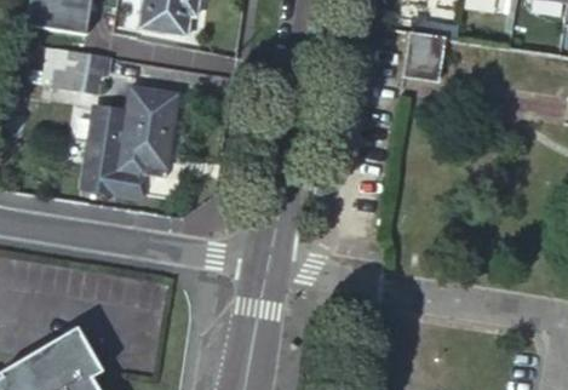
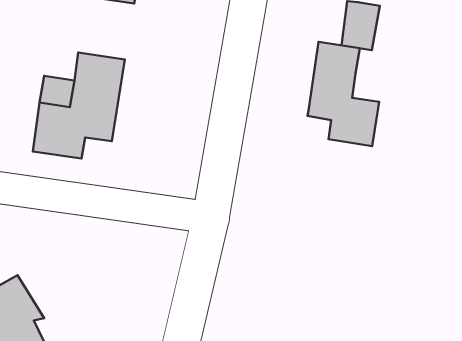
building: [52,48,111,92] -> none
building: none -> [308,42,379,146]

